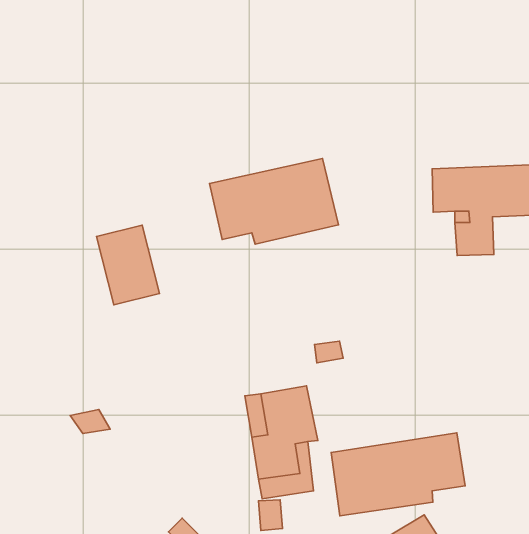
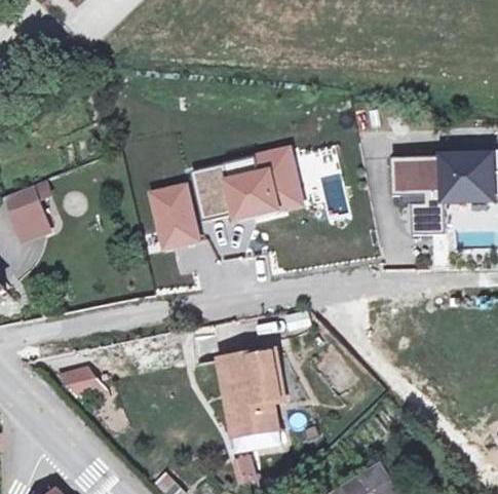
building: none -> [7,186,46,227]
building: [97,225,159,305] -> [145,180,201,252]
building: [331,433,465,516] -> none

